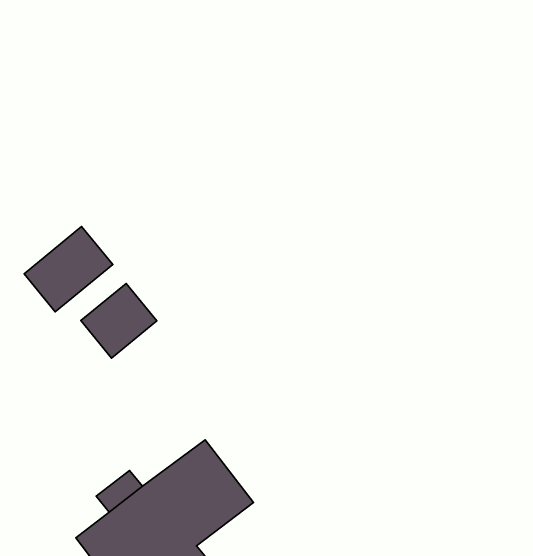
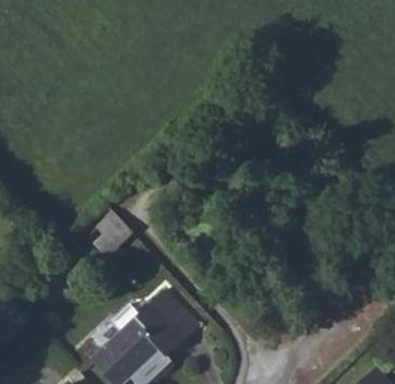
building: [24,227,113,312] -> none

